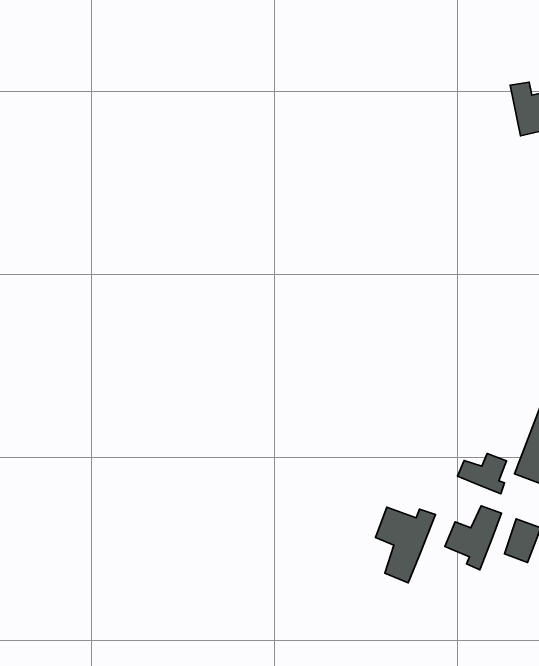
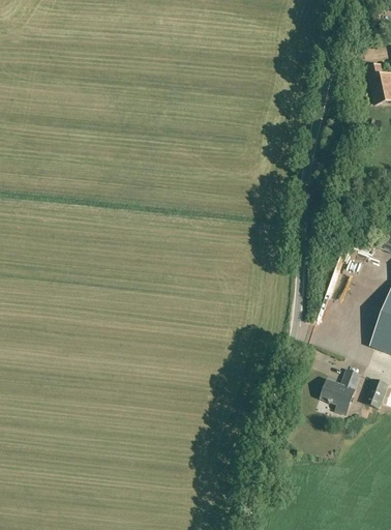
building: [457,454,506,494] -> none
building: [376,507,435,583] -> none

